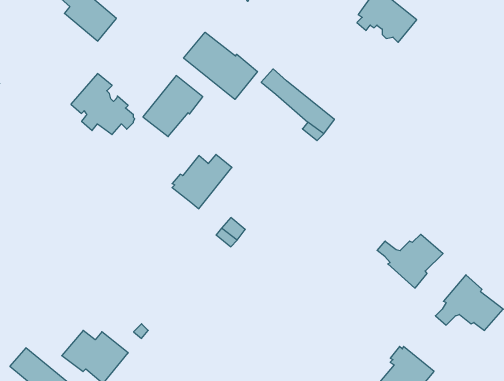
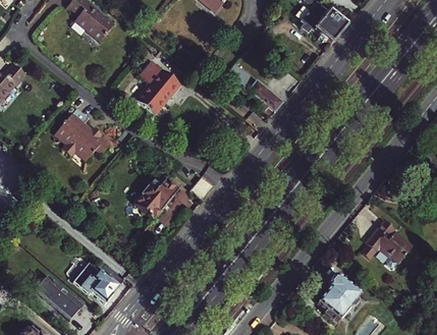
building: [184,32,257,99] -> none
building: [71,74,135,135] -> [57,108,106,155]
building: [172,154,232,209] -> [134,178,180,220]
building: [377,234,443,288] -> none

